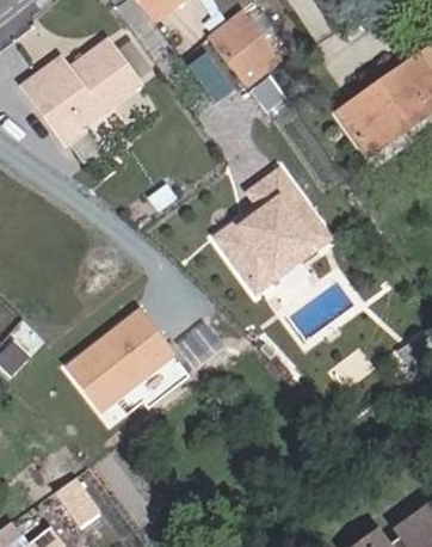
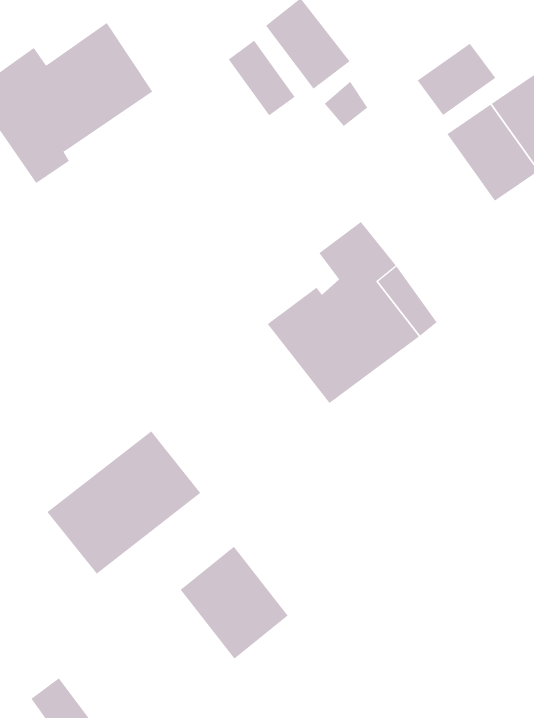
building: none -> [417,43,496,116]
building: none -> [180,546,289,659]

